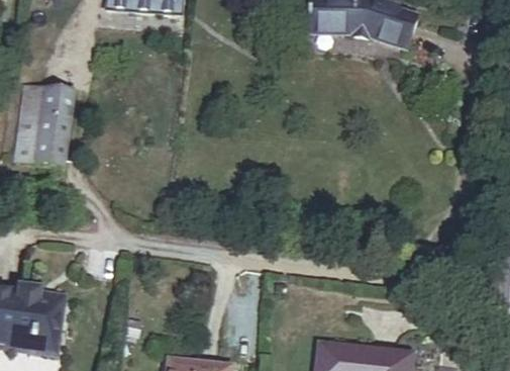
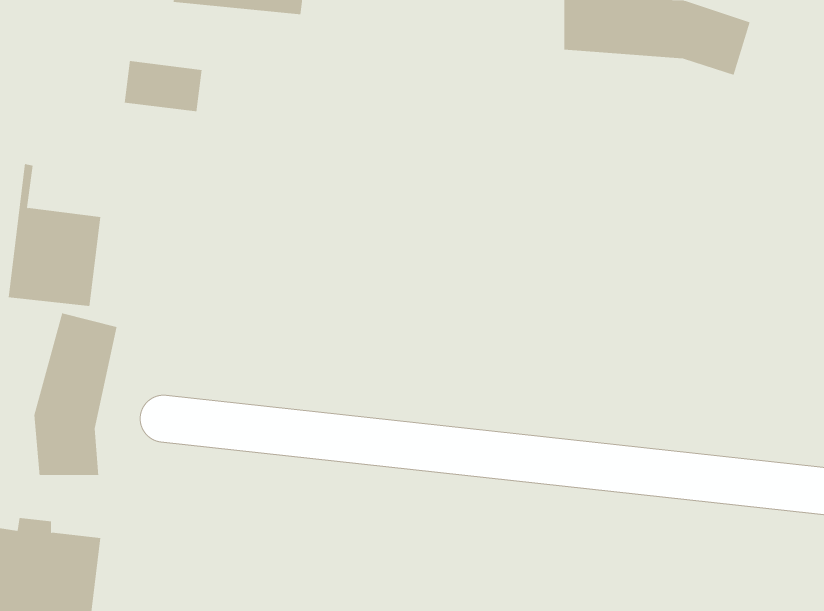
building: [24,93,68,121] -> [124,61,203,112]
building: none -> [34,313,117,476]

